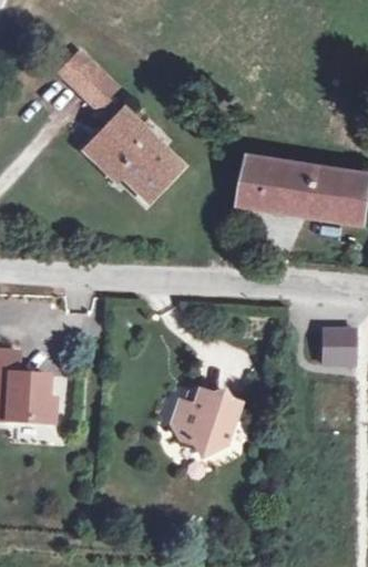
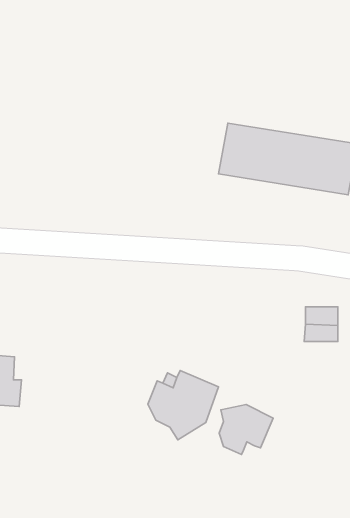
building: [61,53,182,196] -> none
building: none -> [219,405,273,455]

